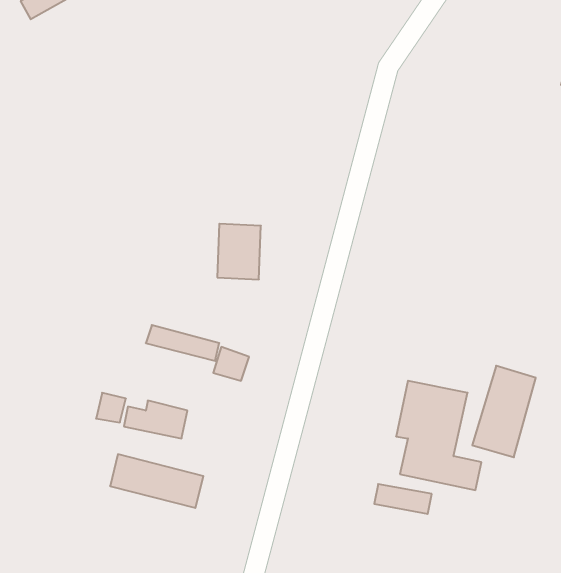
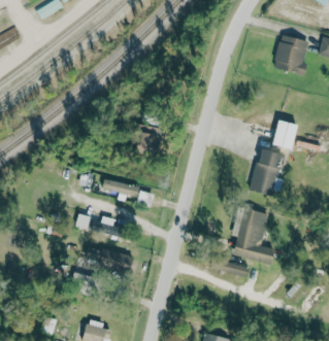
building: none -> [272,34,307,75]
building: none -> [273,121,299,149]
building: [472,366,536,457] -> [250,148,283,196]

